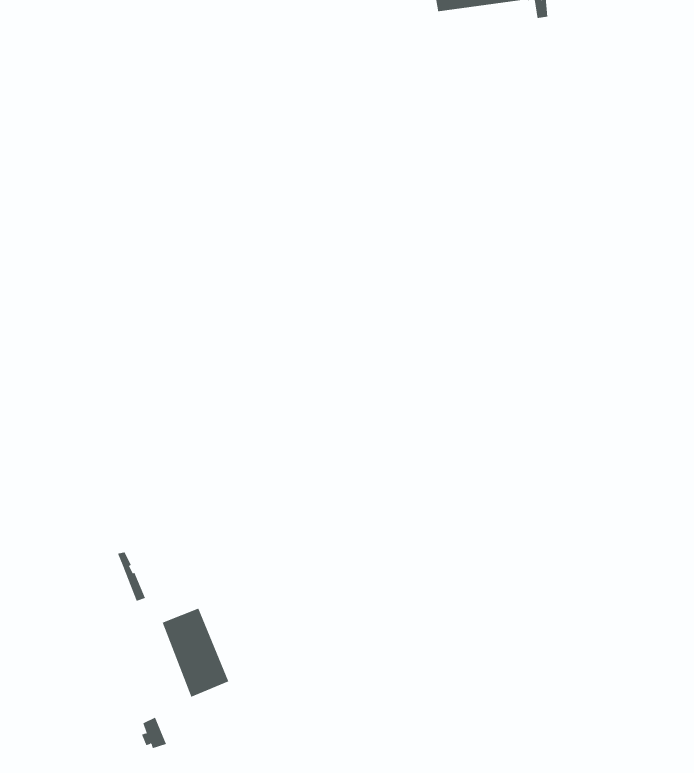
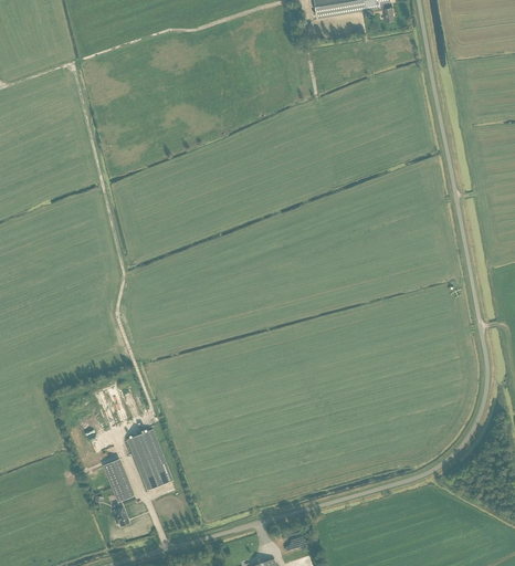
building: none -> [101,454,133,499]

